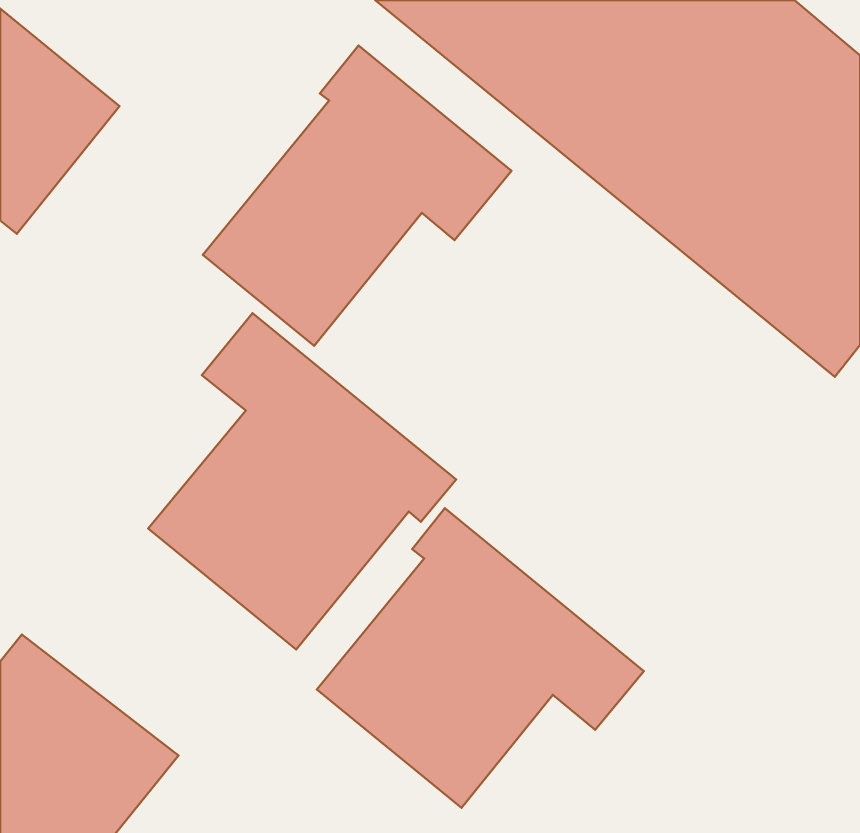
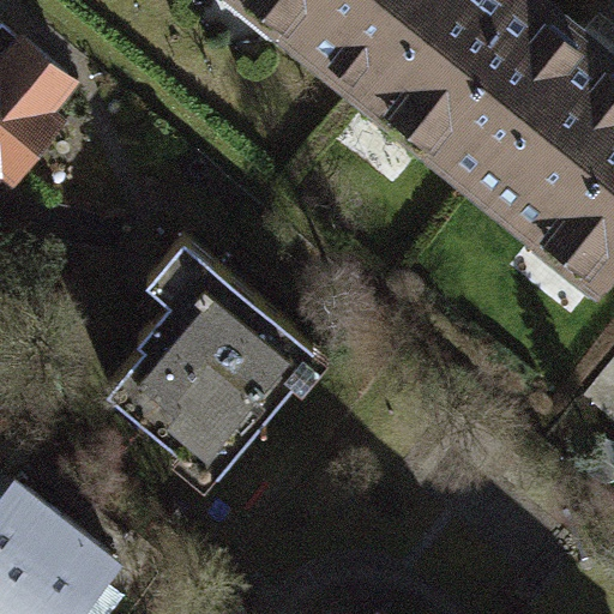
building: [203,46,511,346] -> none
building: [317,508,644,808] -> none

